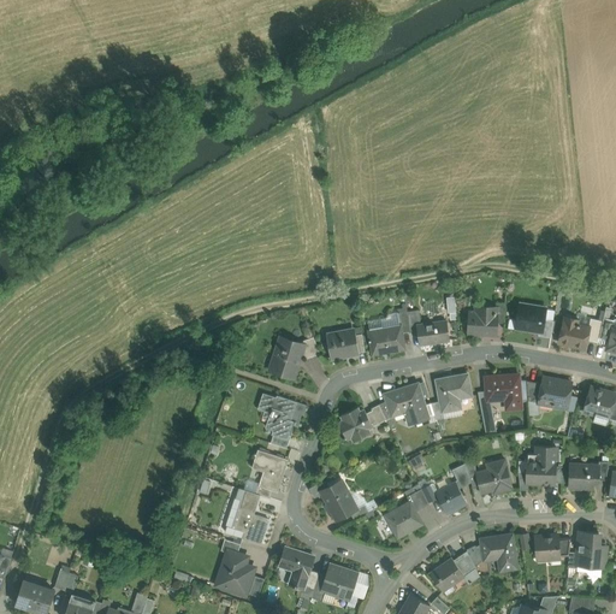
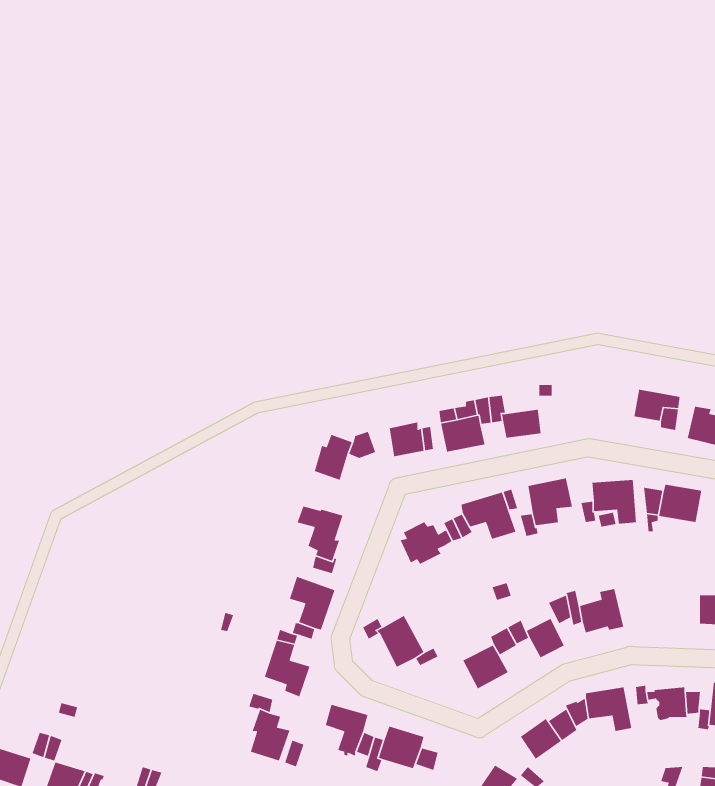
building: [468,307,496,335] -> none
building: [523,447,555,485] -> none

